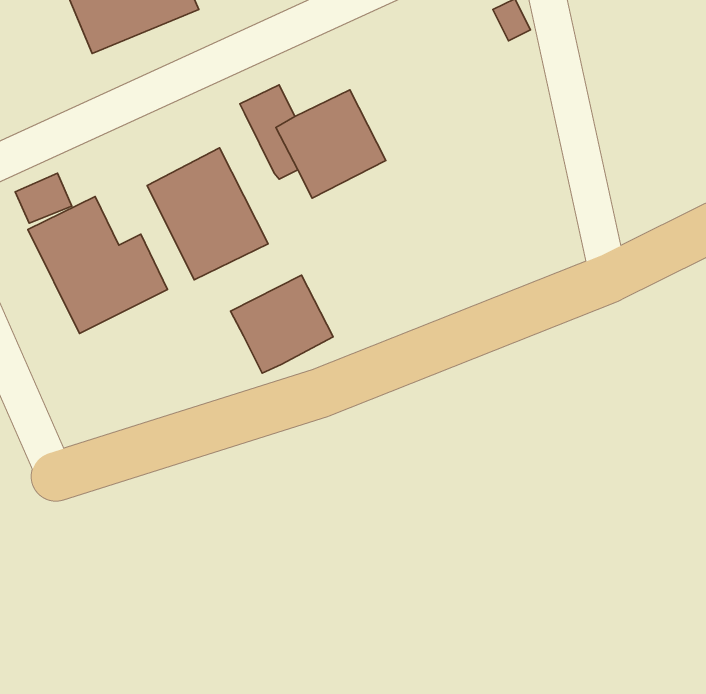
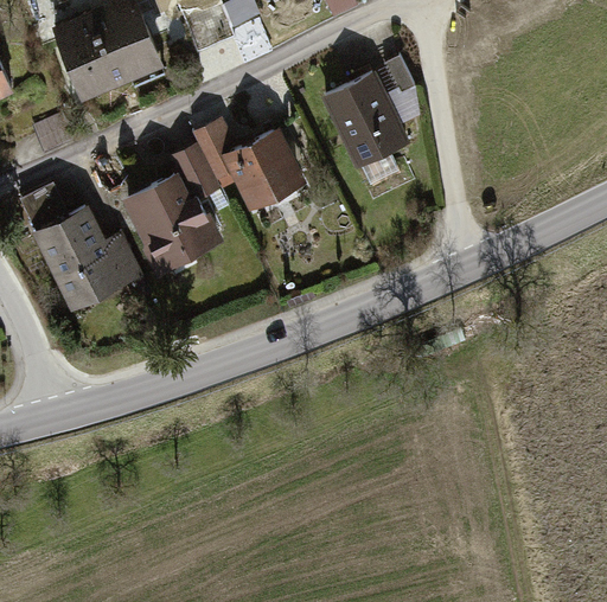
building: none -> [324,76,404,167]
building: none -> [174,145,221,201]
building: [231,275,333,373] -> none

